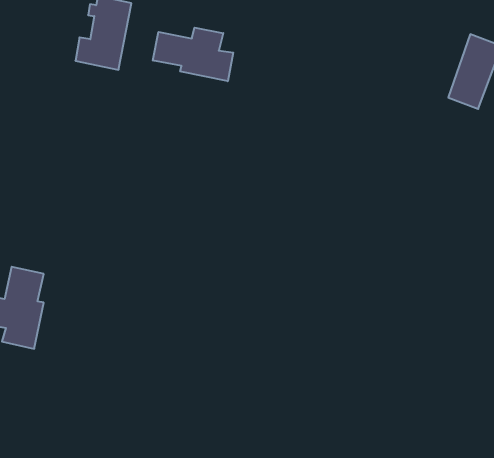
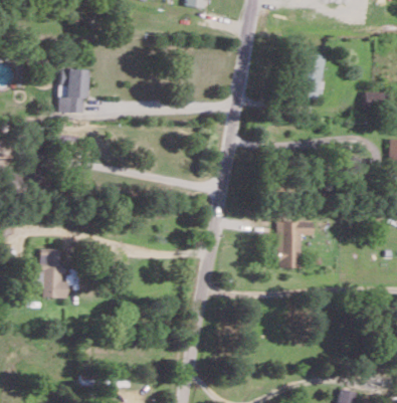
building: [153,28,233,81] -> none
building: none -> [277,220,314,267]

